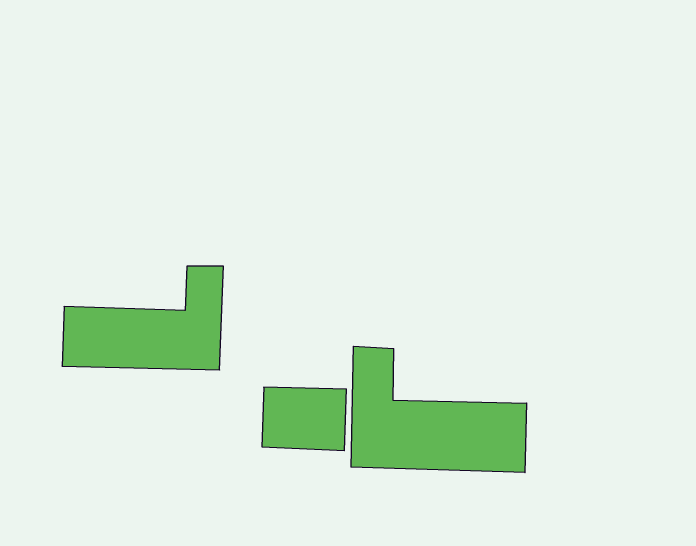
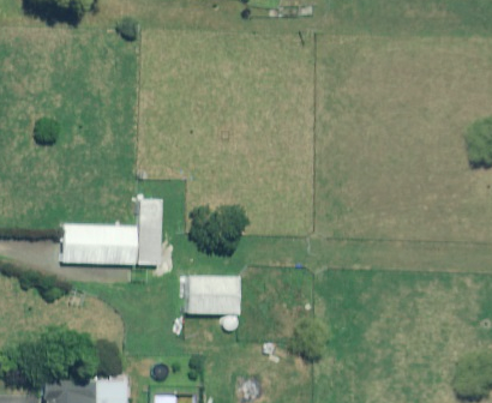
building: [351,346,527,473] -> none

